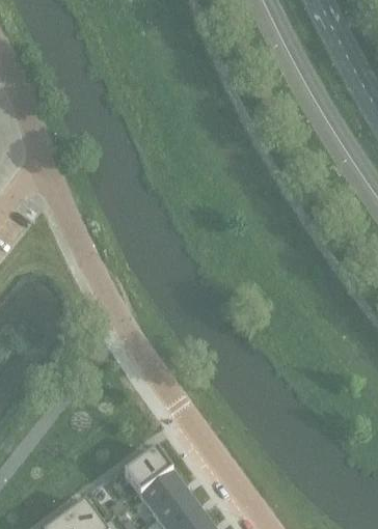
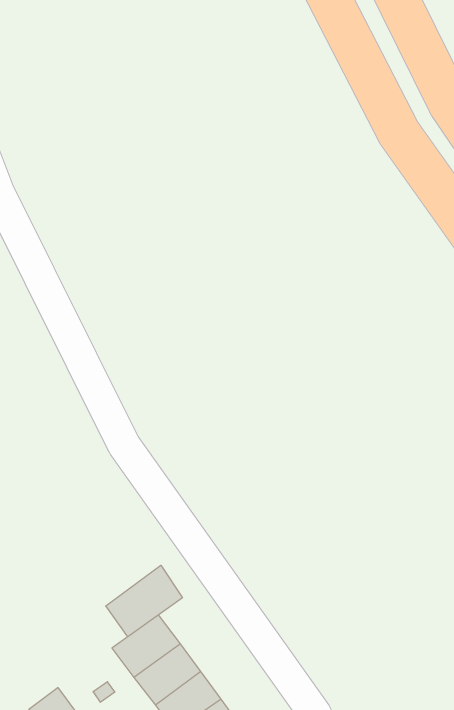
building: none -> [106,565,182,637]

